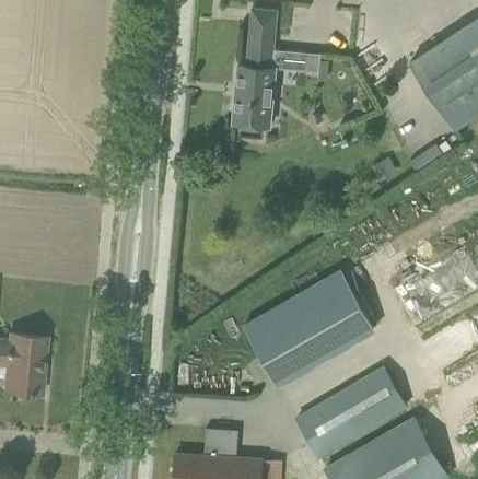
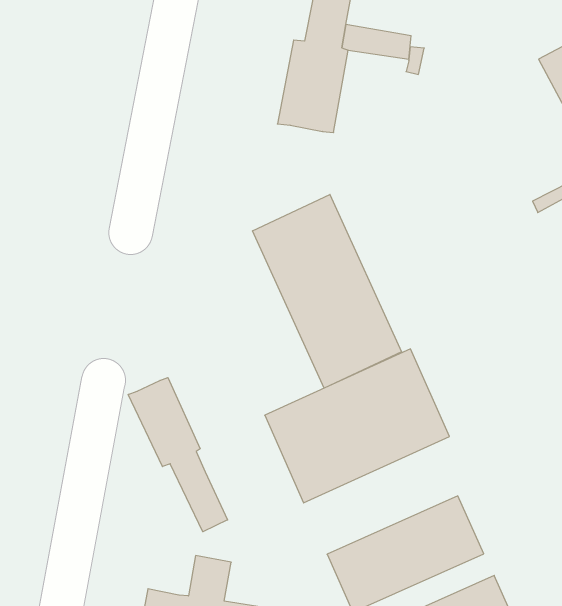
building: none -> [253,194,402,388]
building: none -> [128,378,228,532]

